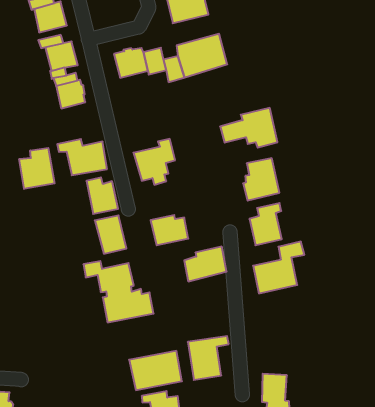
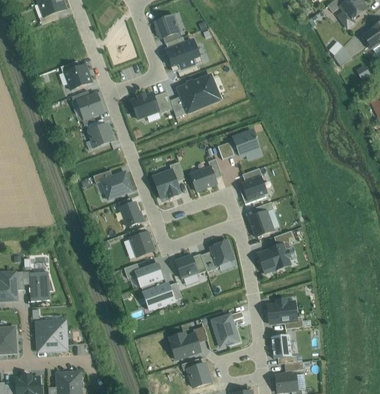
building: none -> [191,157,223,191]
building: [19,148,55,189] -> none
building: [151,215,188,245] -> [176,253,207,278]
building: none -> [267,297,304,327]

